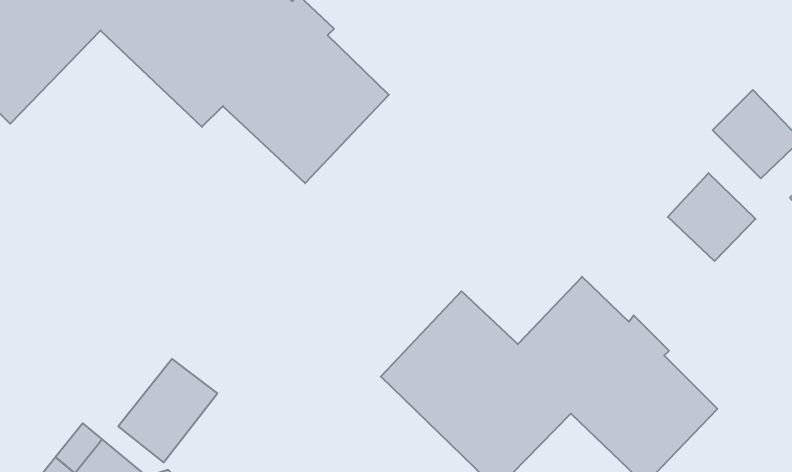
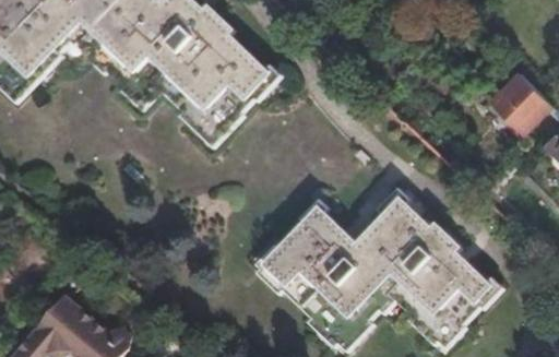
building: [668,173,756,261] -> none
building: [118,359,217,462] -> none

